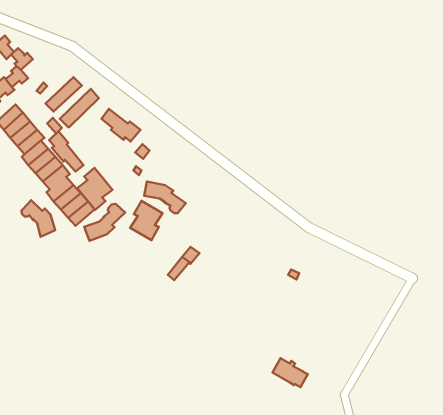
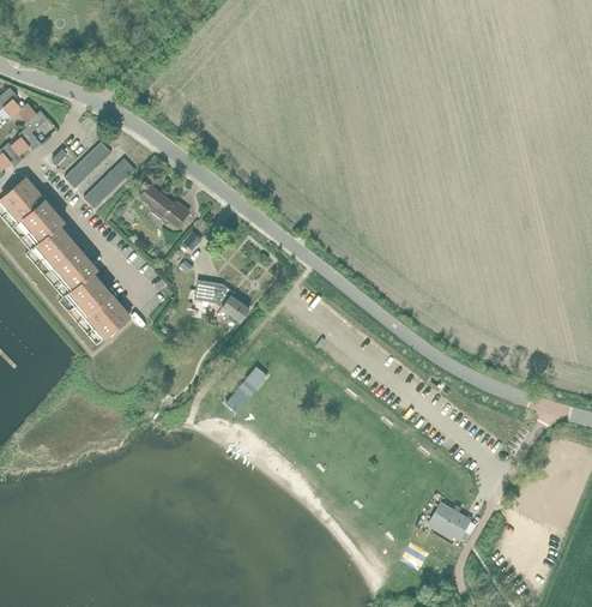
building: [49,131,84,171] -> none
building: [77,168,112,210] -> none
building: [22,200,55,237] -> none
building: [130,201,162,240] -> none
building: [84,204,125,241] -> none
building: [272,358,308,387] -> [430,501,477,540]

